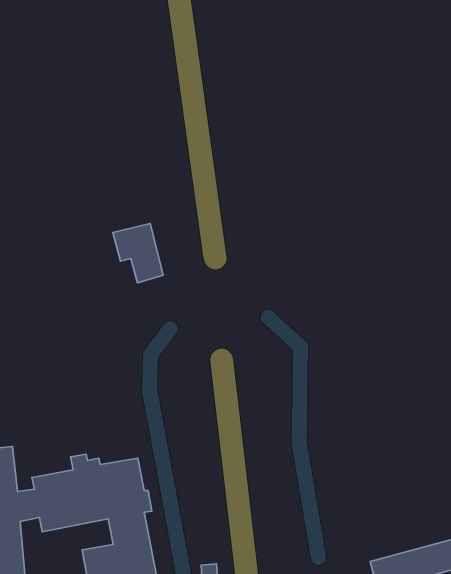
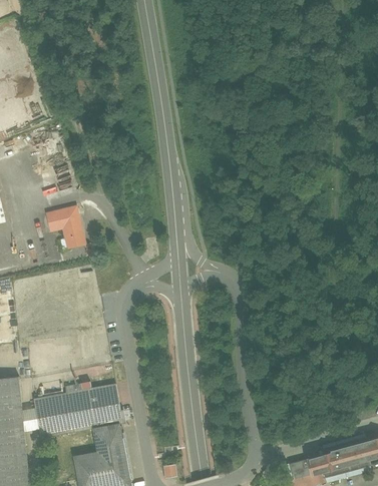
building: [113,224,163,283] -> [45,205,84,252]

